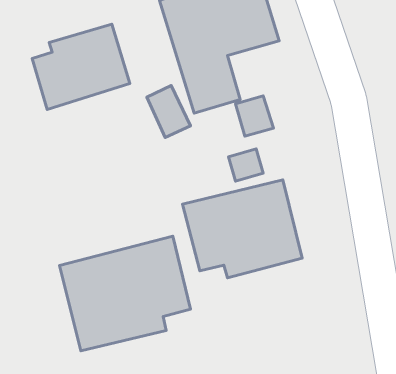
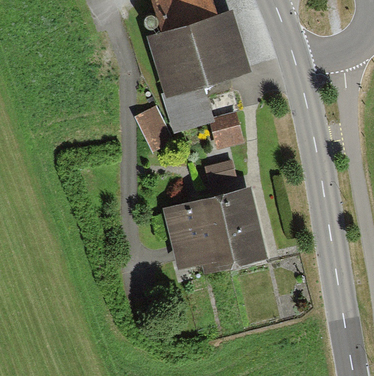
building: [32,24,130,109] -> none
building: [60,236,190,351] -> none

